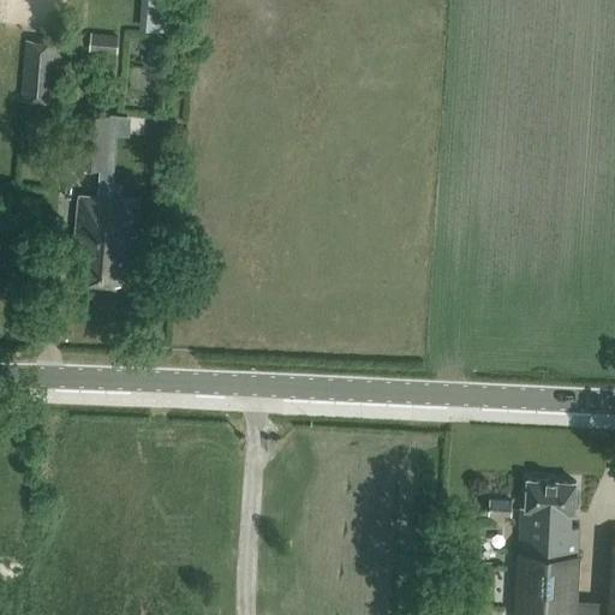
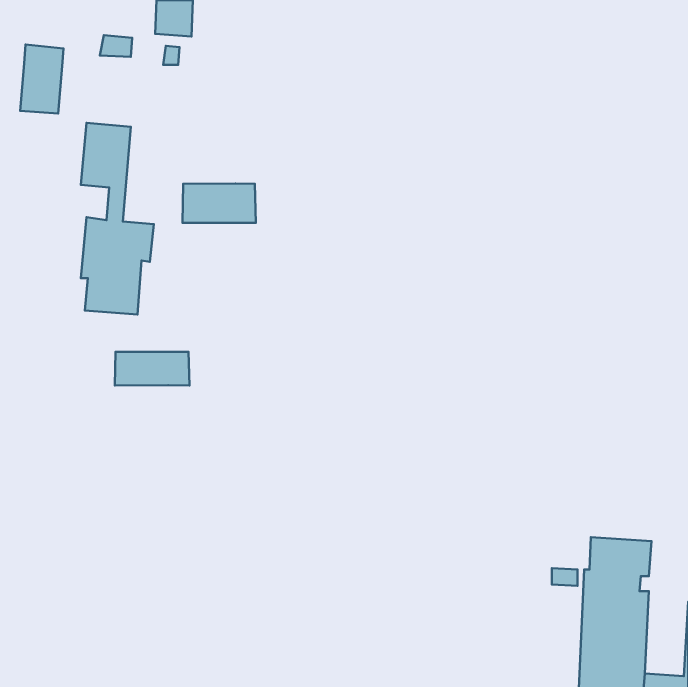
building: none -> [183,184,256,223]
building: none -> [115,352,189,385]

